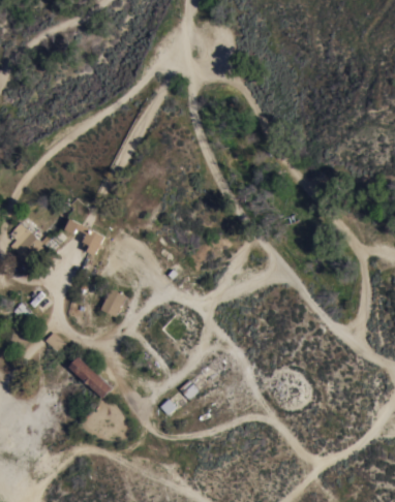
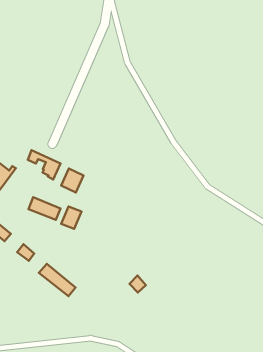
building: none -> [61,169,84,192]
building: none -> [28,197,60,220]

